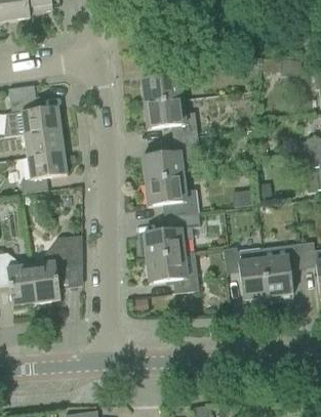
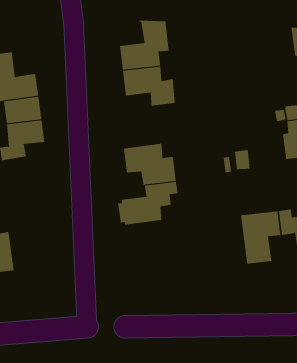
building: [143,135,200,180] -> none
building: [32,234,82,302] -> none
building: [225,246,269,299] -> none
building: [147,251,200,293] -> none

